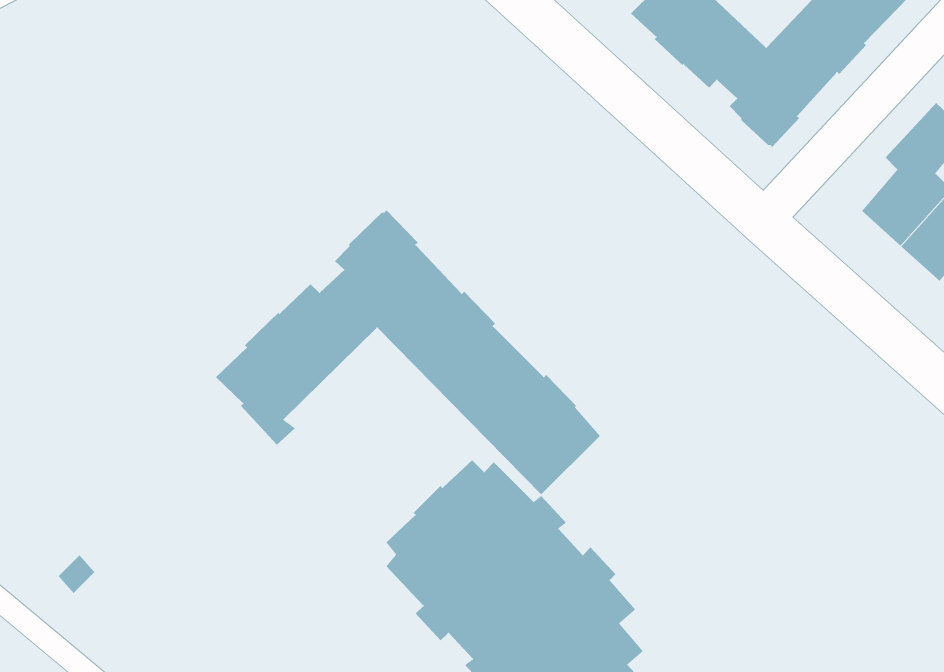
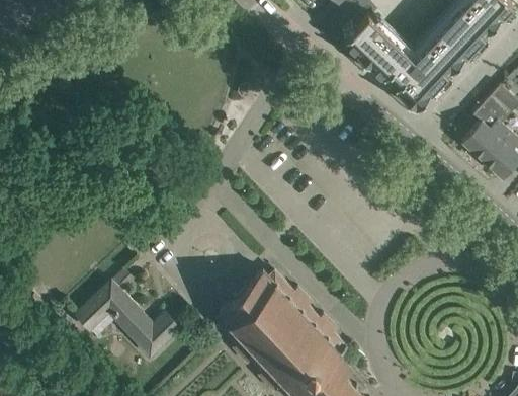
building: [215,209,601,495] -> none
building: none -> [74,267,178,351]

